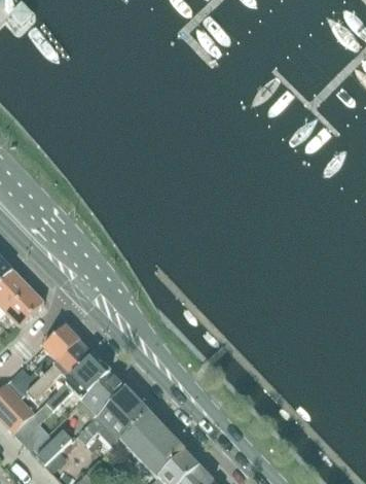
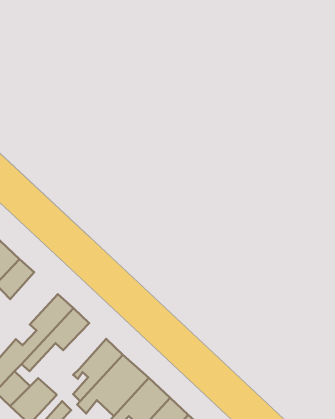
building: [45,353,110,407] -> none

